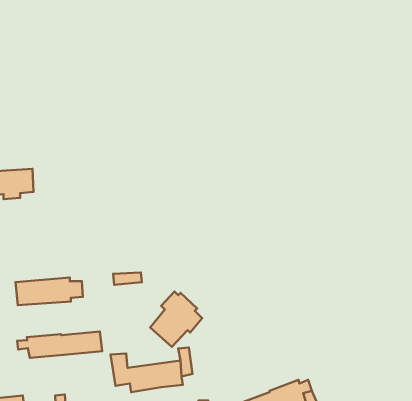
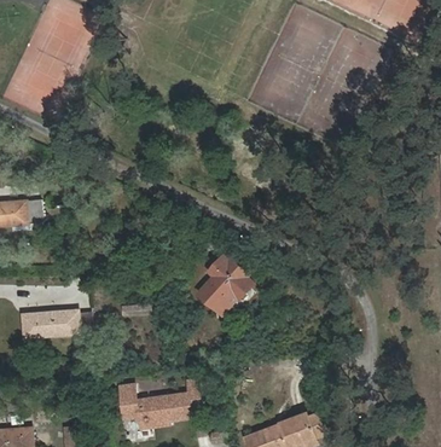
building: [150,291,202,347] -> [199,256,251,312]
building: [17,332,102,358] -> none

